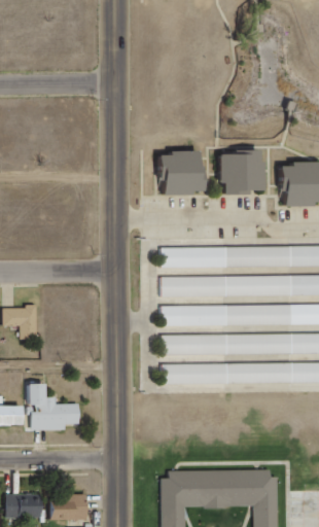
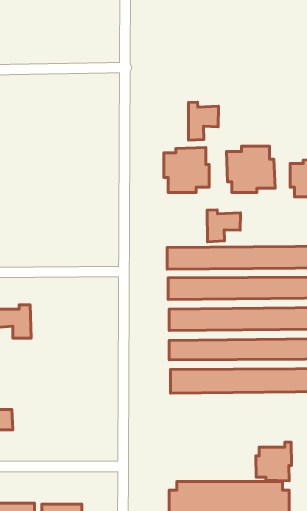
building: none -> [189,102,218,140]
building: none -> [207,210,240,242]
building: [22,380,77,423] -> none
building: none -> [256,442,291,481]

